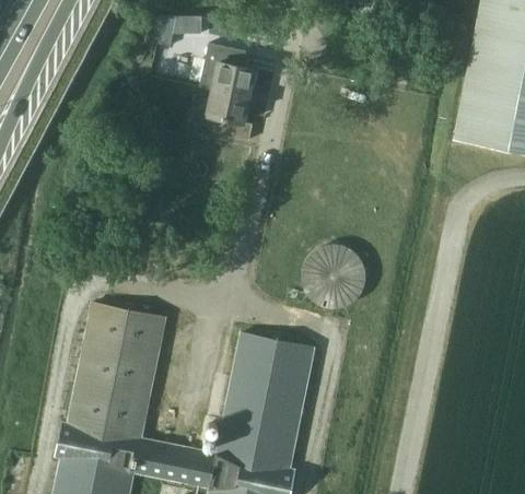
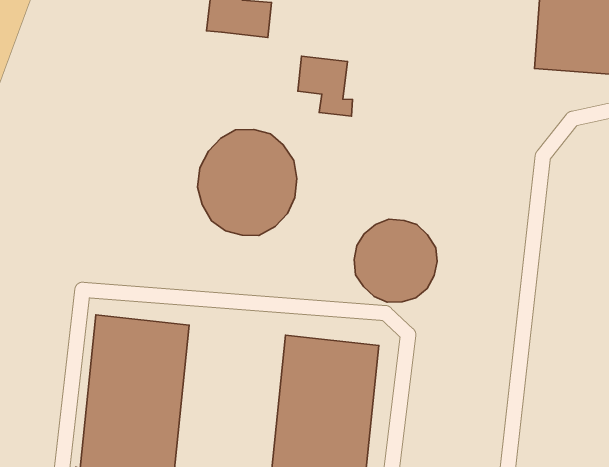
building: [208,87,250,139] -> [298,56,353,116]
building: none -> [198,130,297,236]

